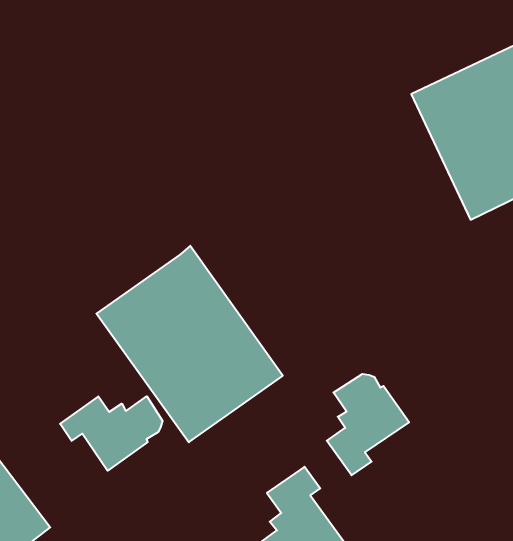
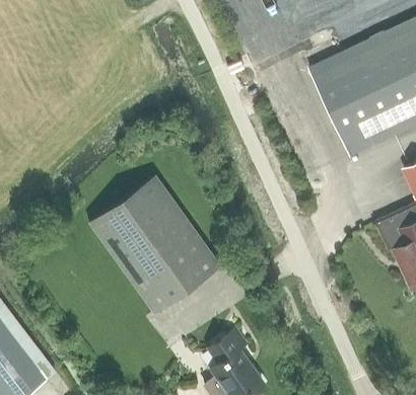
building: [327,374,409,475] -> none
building: [60,396,163,471] -> none

